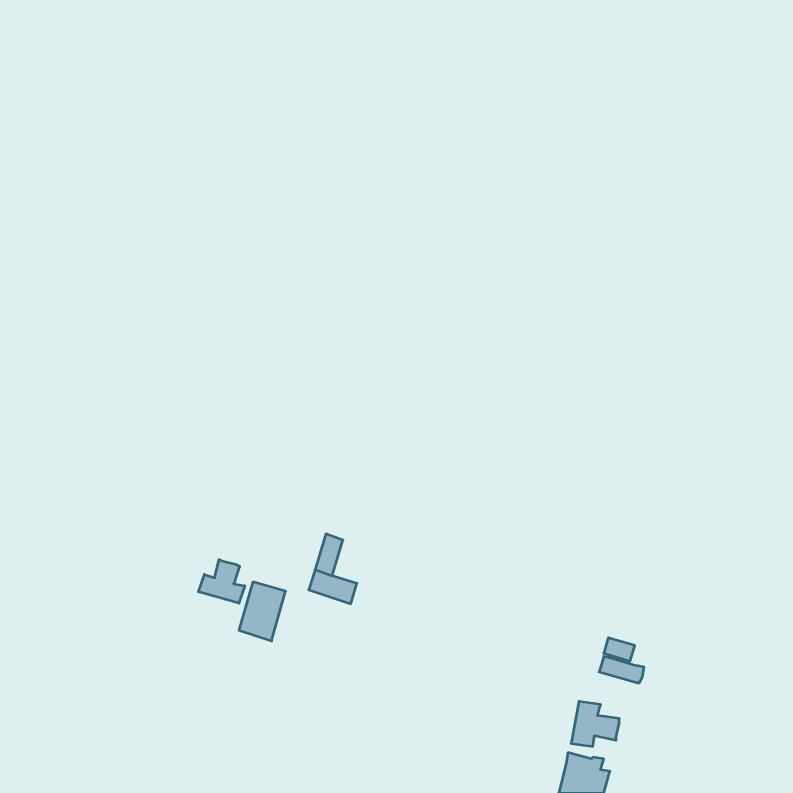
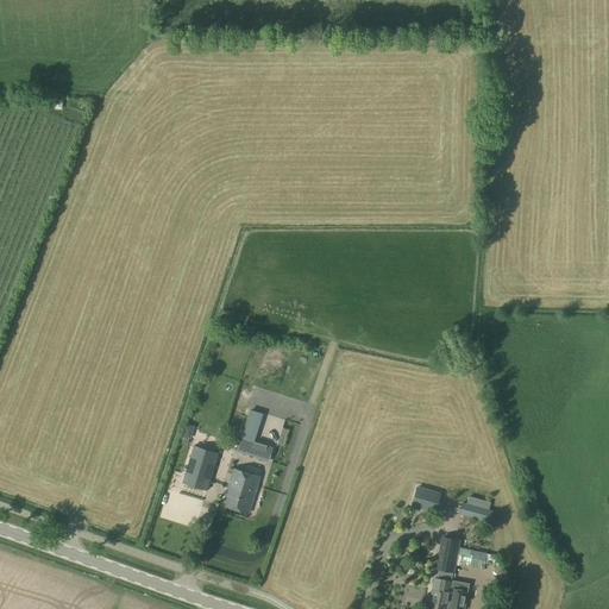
building: [199,560,245,603] -> none
building: none -> [222,469,260,513]
building: none -> [412,486,441,513]

